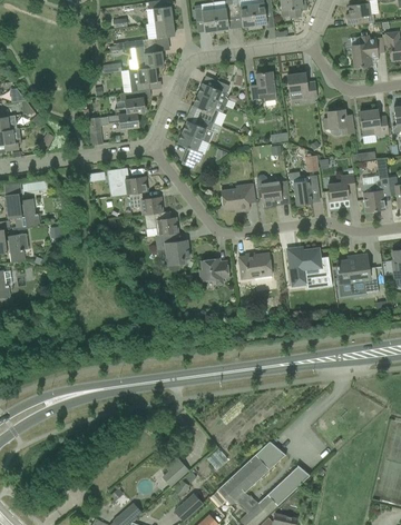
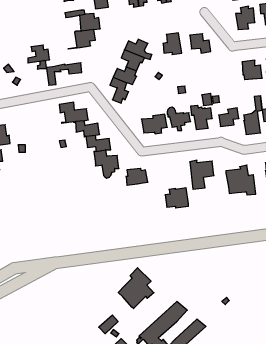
building: [115,91,145,116] -> [28,45,50,63]
building: [323,107,354,135] -> none
building: [239,252,272,280] -> [165,188,188,208]
building: none -> [118,268,154,309]

